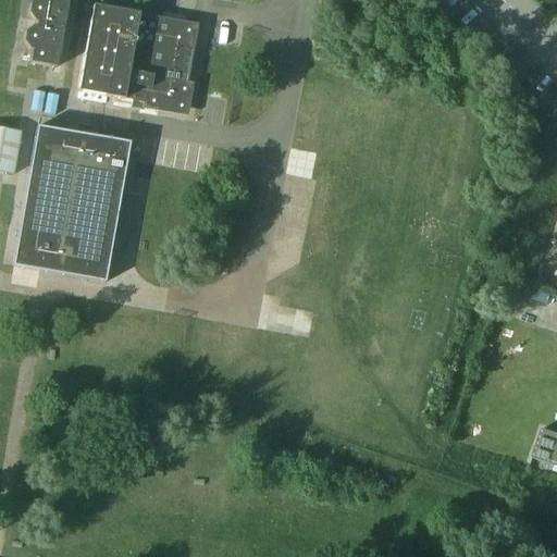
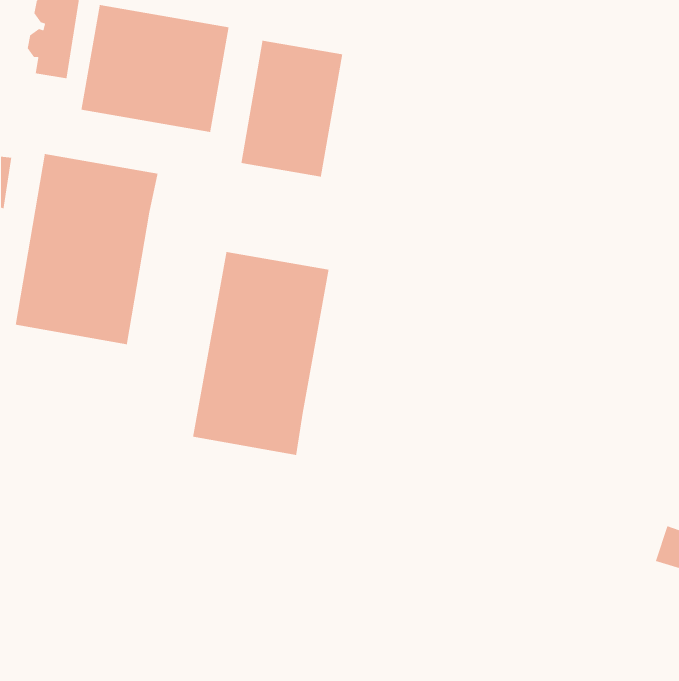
building: none -> [240,40,343,177]
building: none -> [192,251,329,456]

